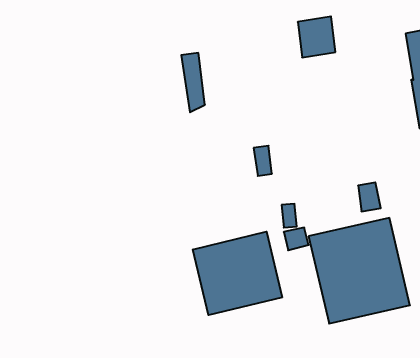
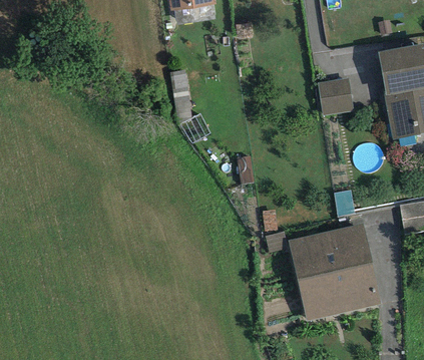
building: [298,16,335,57] -> [318,77,353,115]
building: [193,232,282,315] -> none

